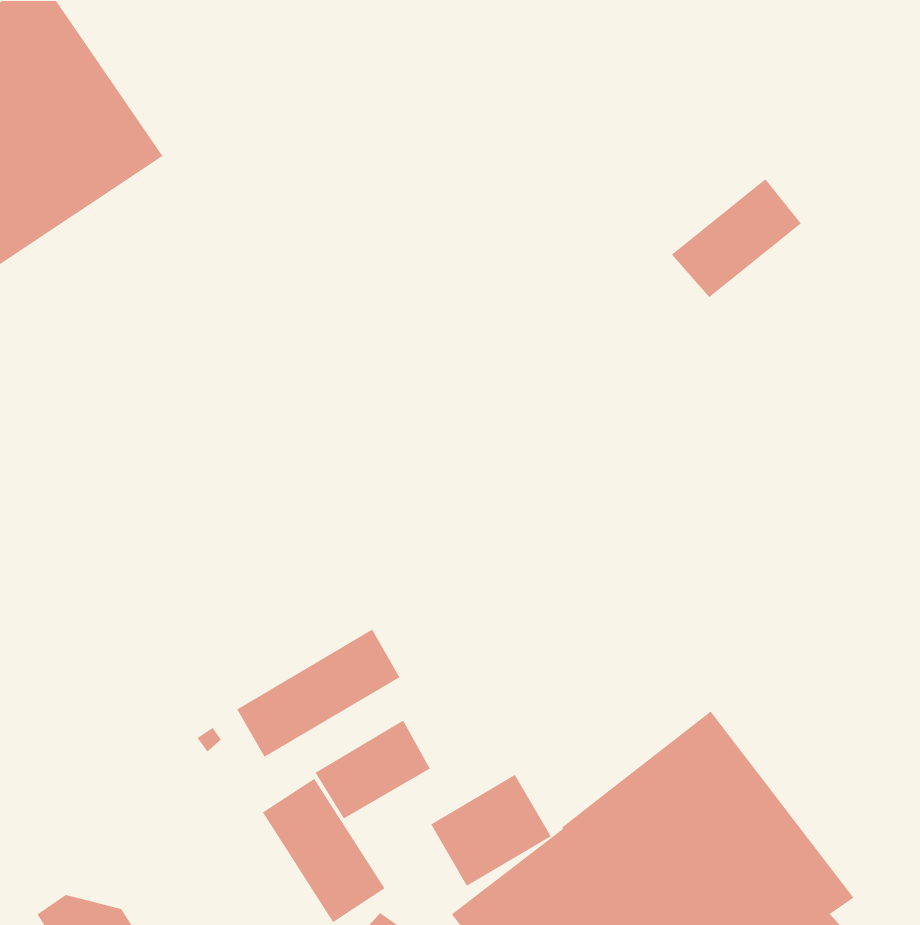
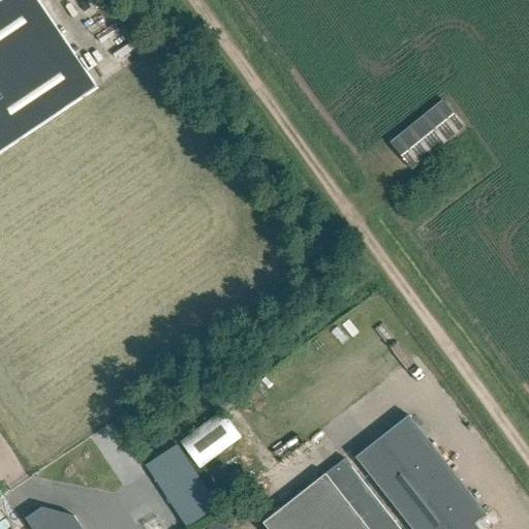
building: [236,629,400,758] -> none
building: [430,774,552,887] -> none

